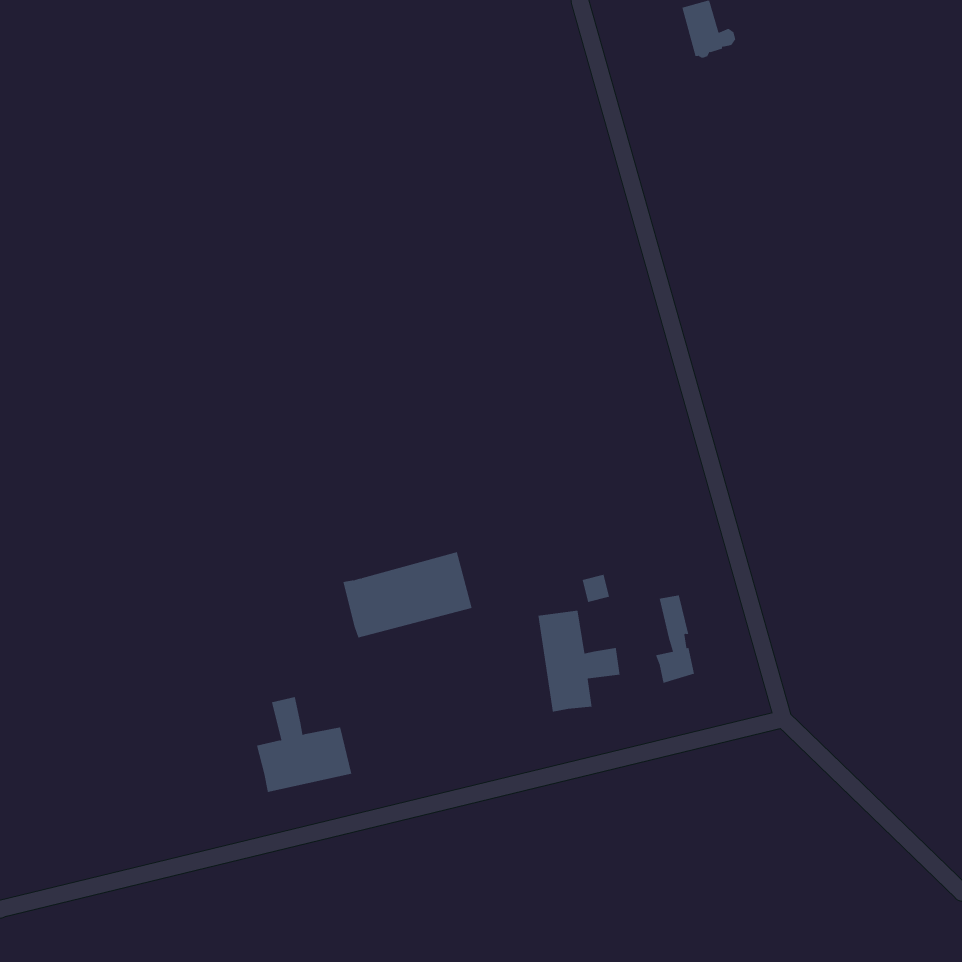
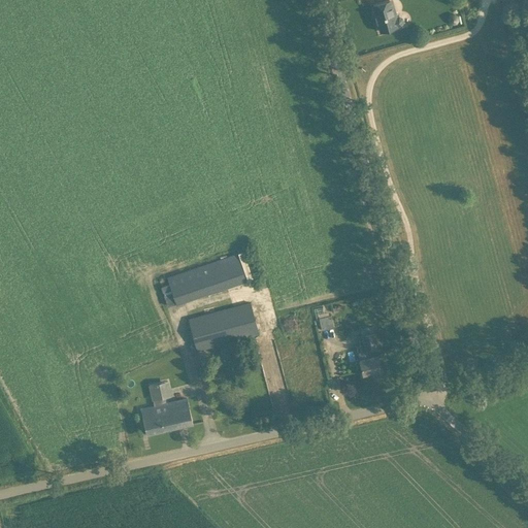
building: none -> [161,254,248,306]
building: [538,610,620,712] -> none

